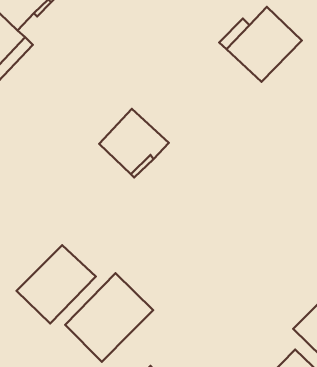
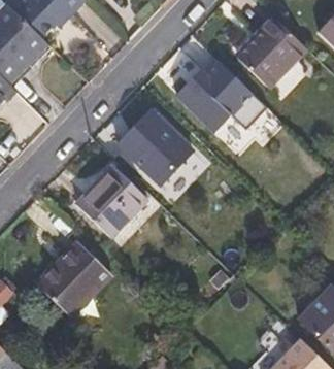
building: none -> [173,64,247,123]
building: none -> [79,168,145,234]
building: [65,273,153,362] -> none

